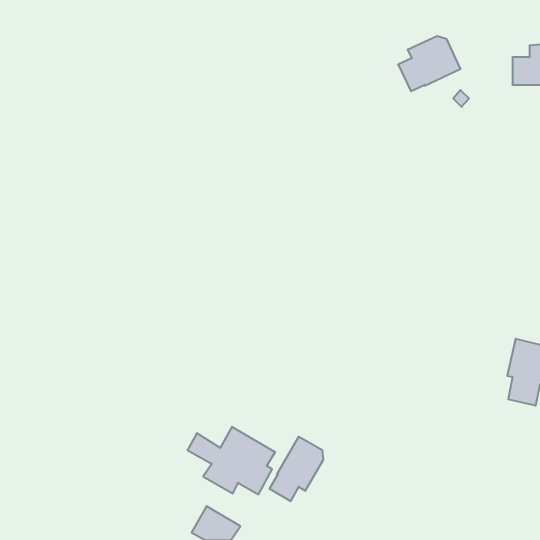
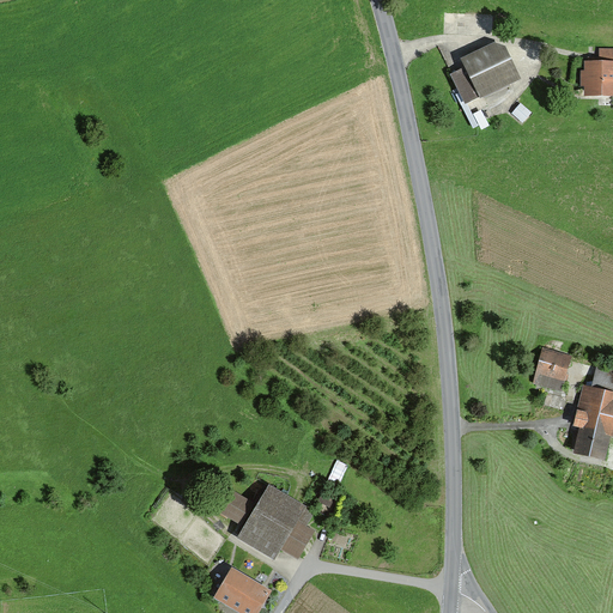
building: none -> [535,352,570,390]
building: [270,437,323,501] -> none

